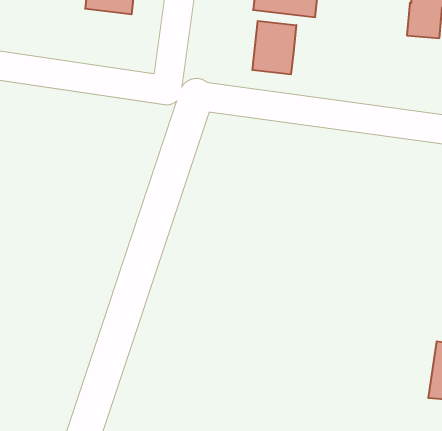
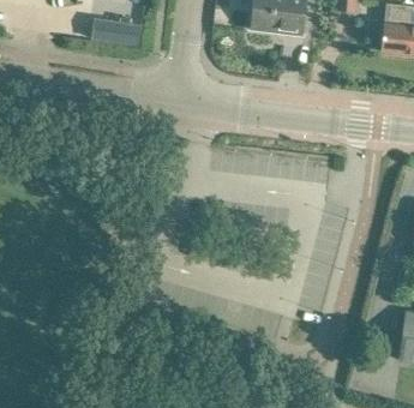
building: [252,21,296,74] -> none

